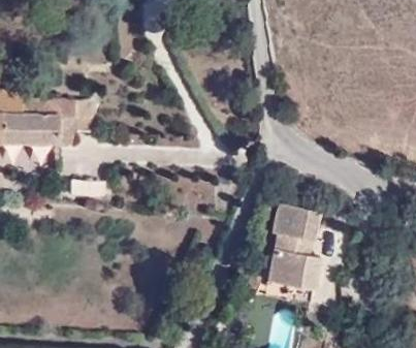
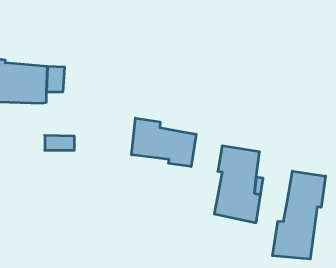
building: none -> [132,118,196,167]
building: none -> [272,171,326,259]

